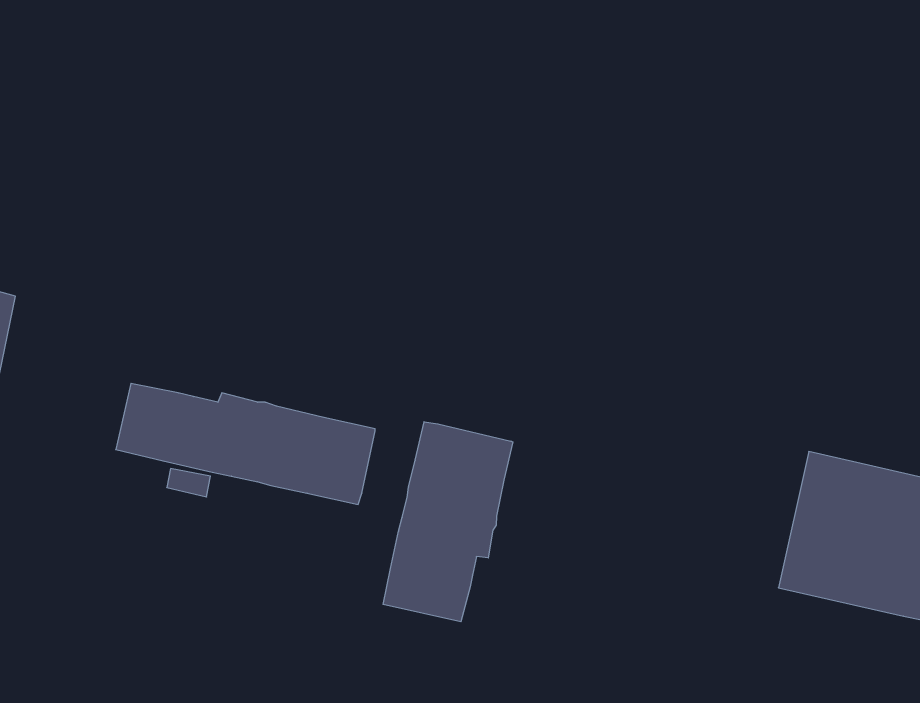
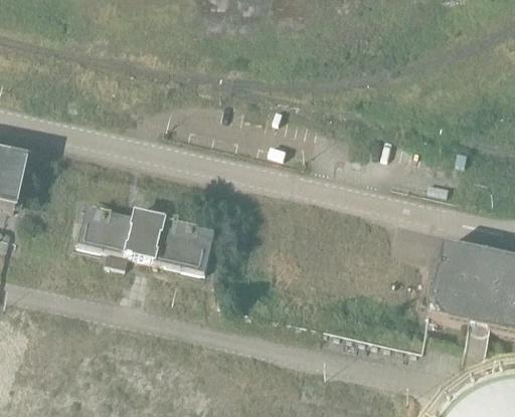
building: [383,422,513,622] -> none

